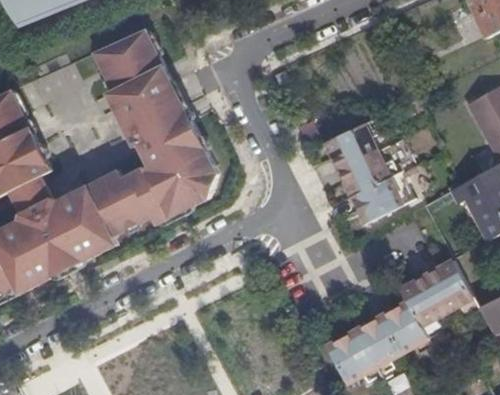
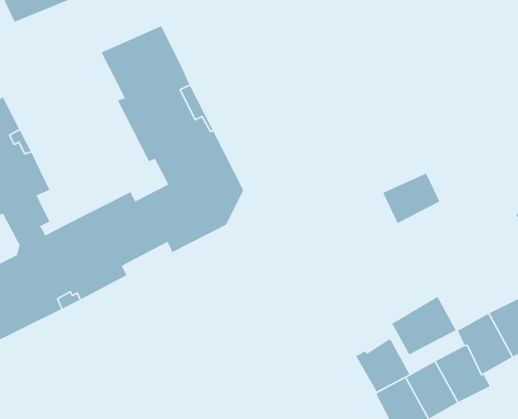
building: [324,125,375,170] -> none
building: [350,178,400,222] -> none
building: none -> [391,296,457,356]
building: none -> [355,339,410,393]

